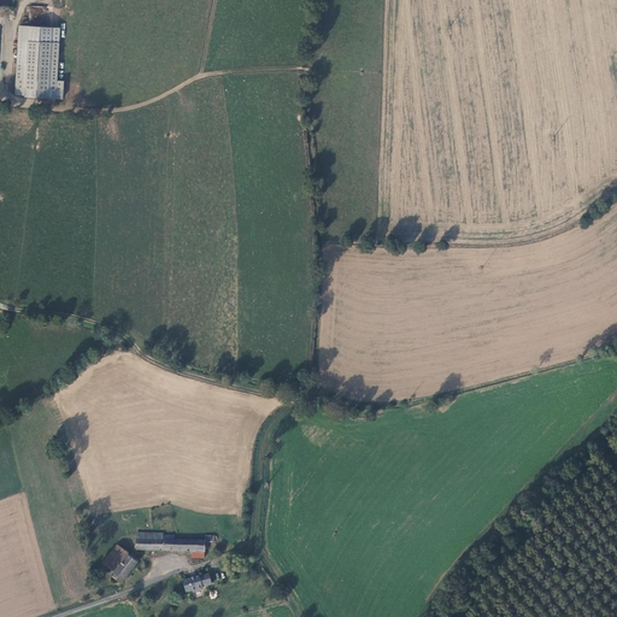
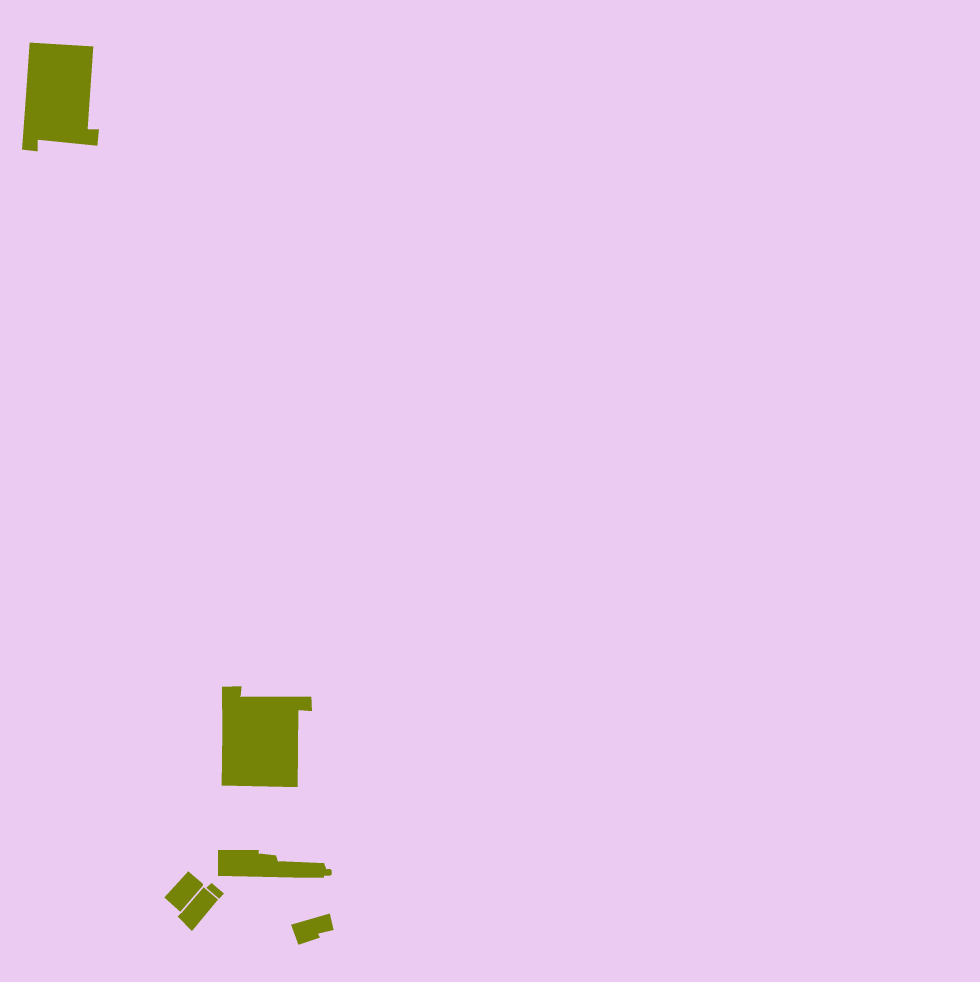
building: none -> [221,686,312,788]

